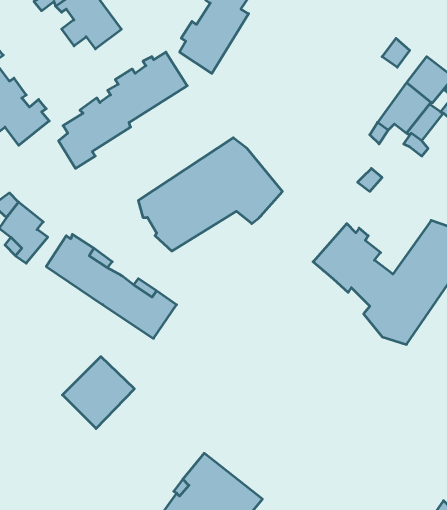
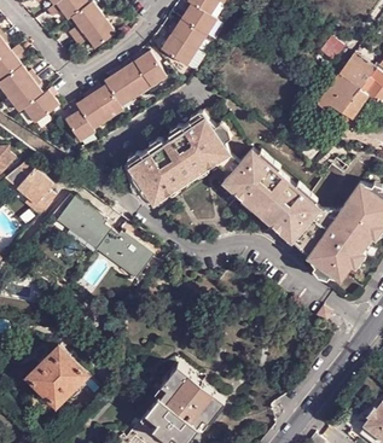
building: none -> [225,148,292,215]
building: [62,357,134,429] -> [29,348,86,404]

